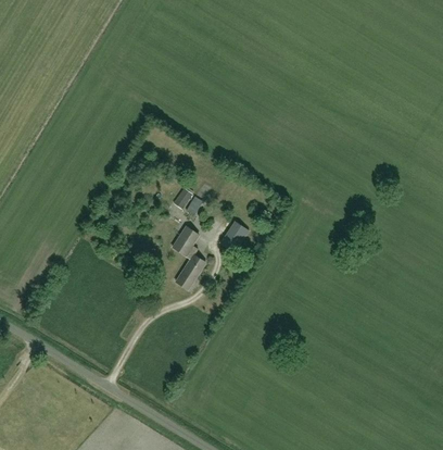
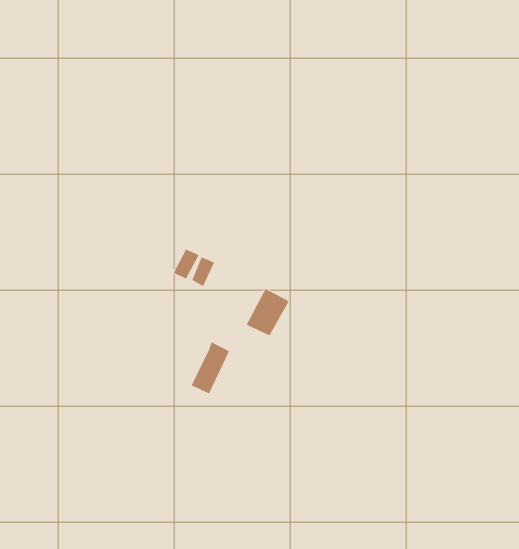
building: [173,225,199,258] -> none

